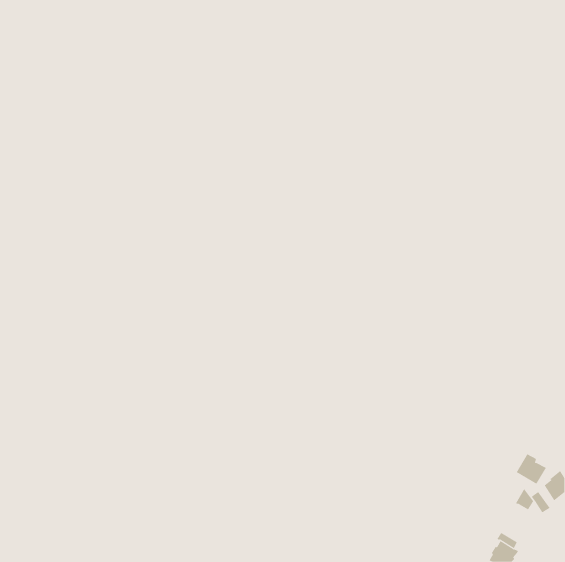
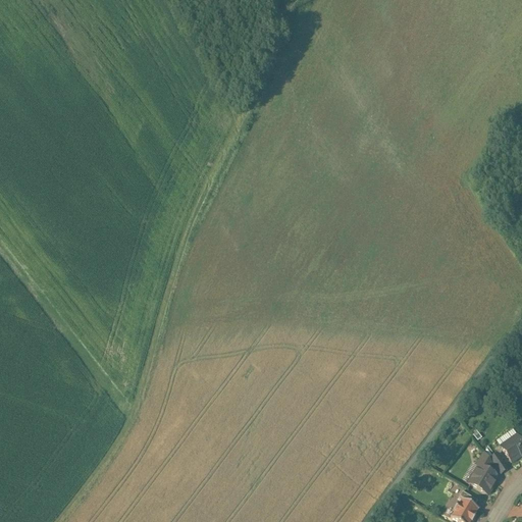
building: [516,453,547,484] -> [468,465,497,493]

